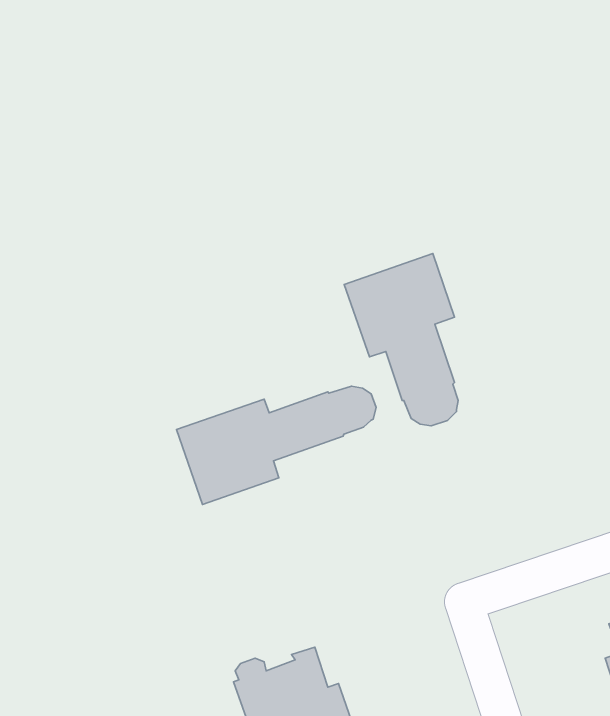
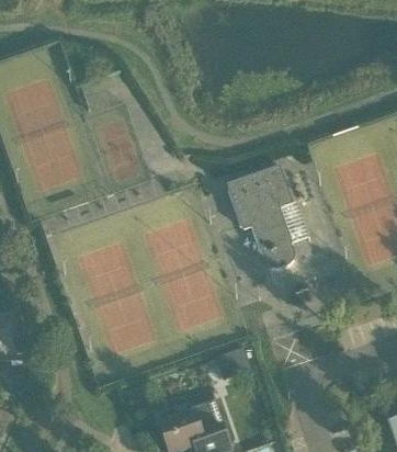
building: [176,386,376,505] -> none

